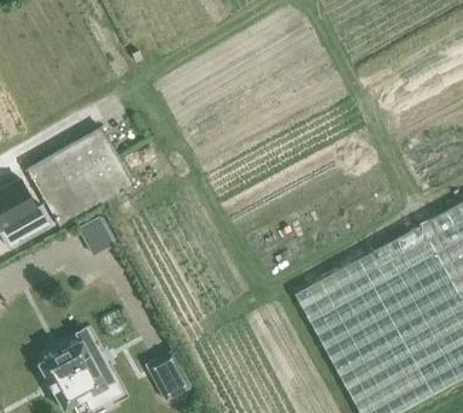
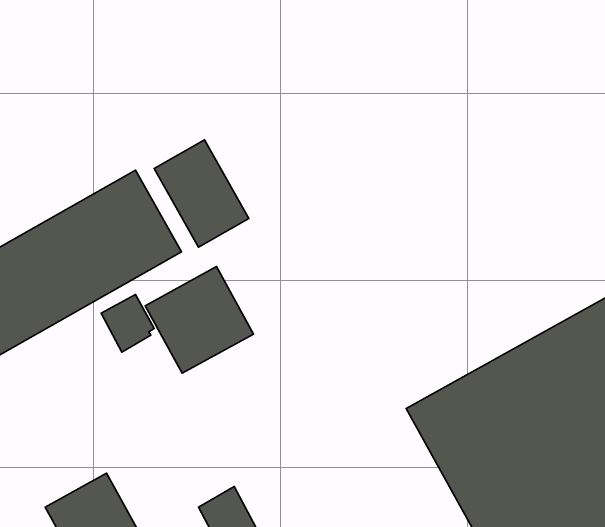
building: none -> [154,140,249,247]
building: none -> [145,267,254,373]

